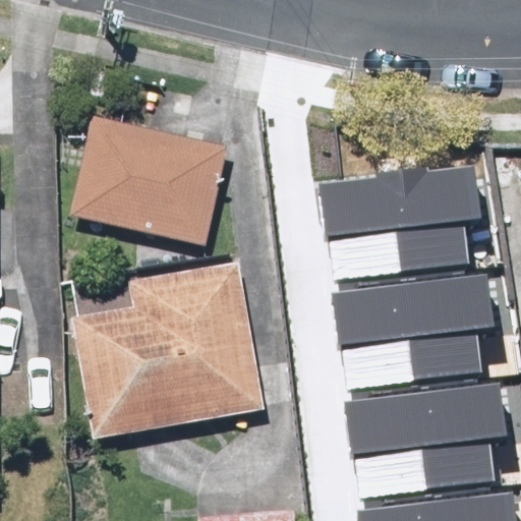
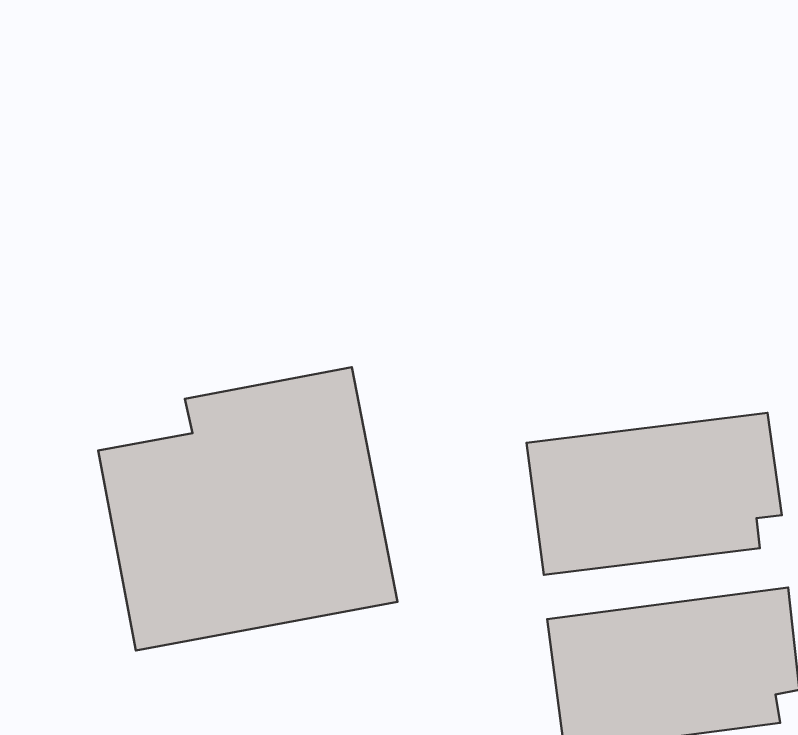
building: [59,105,227,243] -> none
building: [329,185,493,291] -> none

